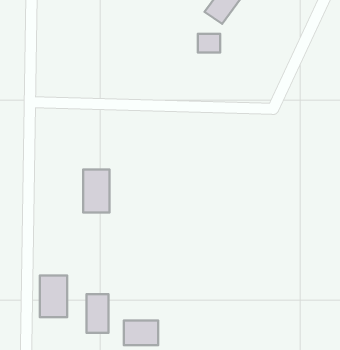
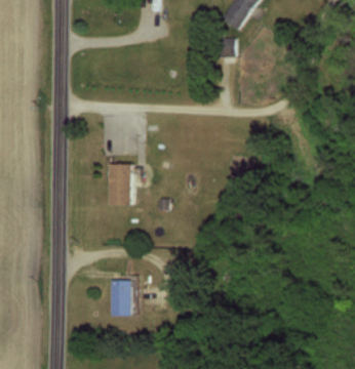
building: [40,275,67,317] -> none
building: [124,320,158,345] -> none

